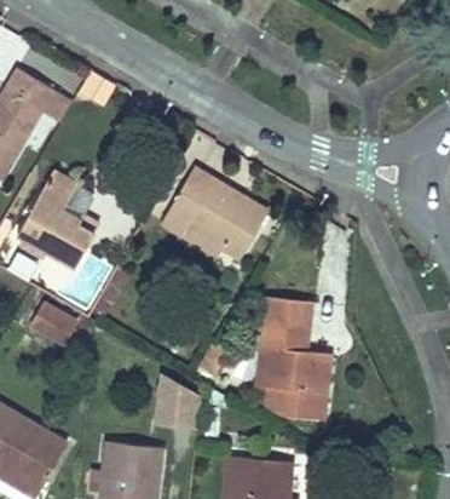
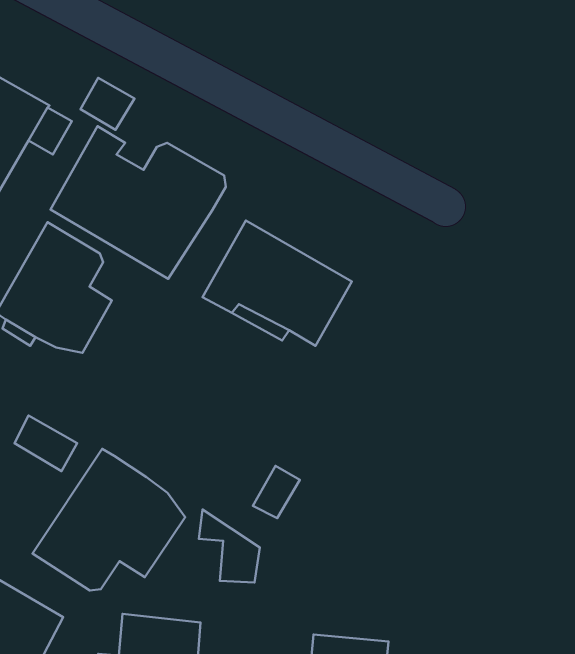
building: none -> [50,126,226,279]
building: [255,293,328,417] -> none
building: none -> [32,449,185,590]

